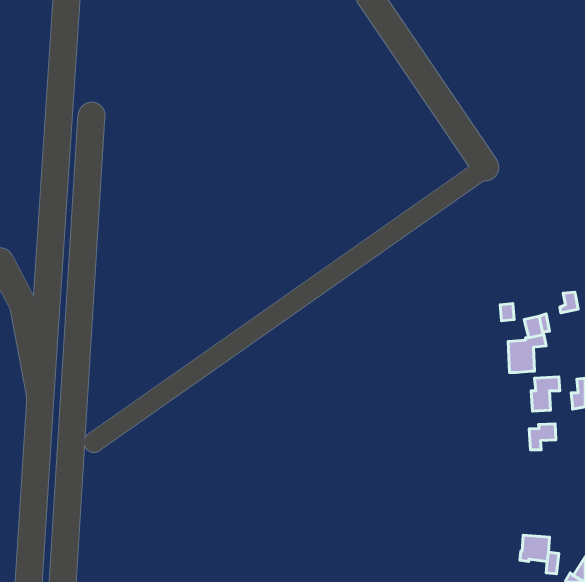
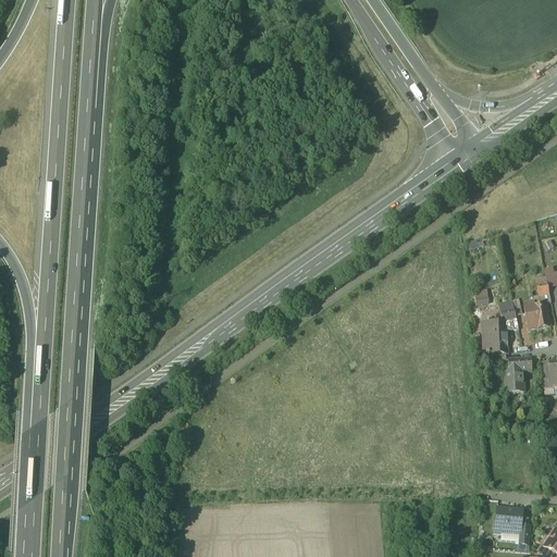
building: none -> [523,302,550,330]
building: [529,424,556,450] -> none

